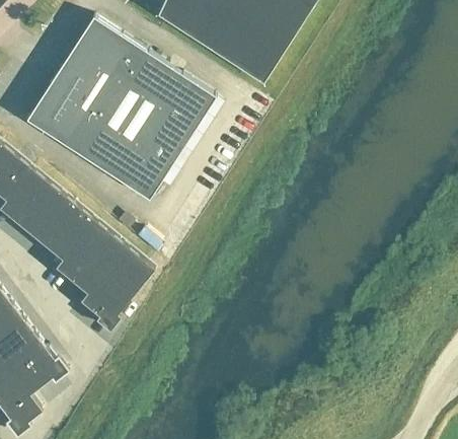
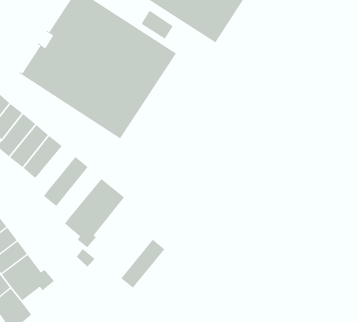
building: none -> [141,10,174,39]
building: [46,207,93,259] -> none
building: [71,232,125,292] -> [121,239,165,288]

